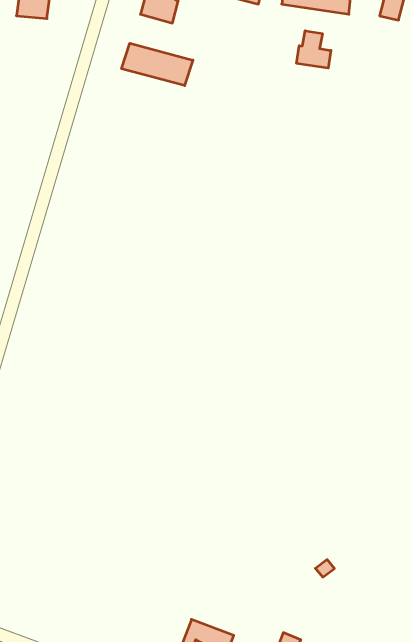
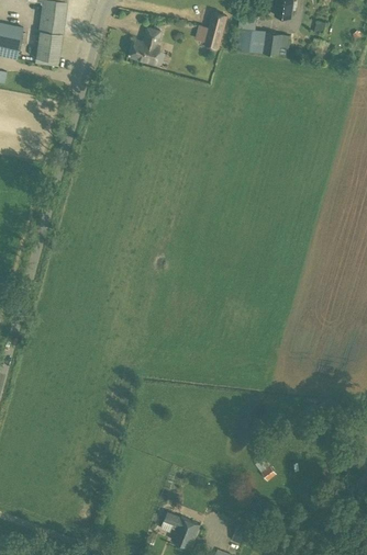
building: [297,31,331,68] -> none
building: [122,43,193,86] -> none

